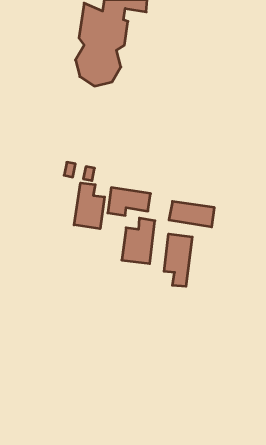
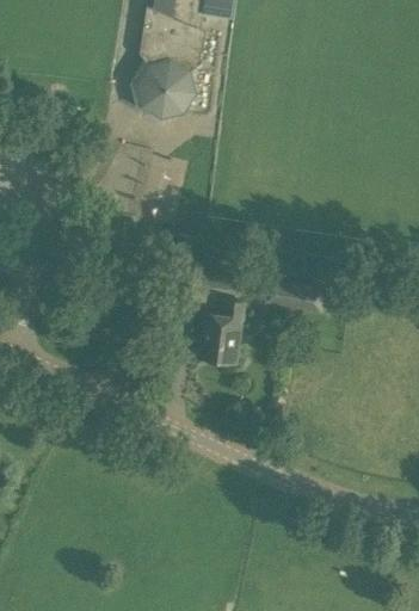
building: [74,183,105,229] -> none
building: [164,234,192,286] -> none

